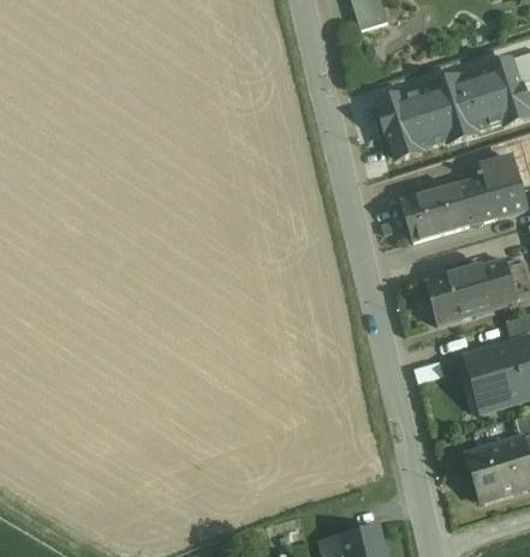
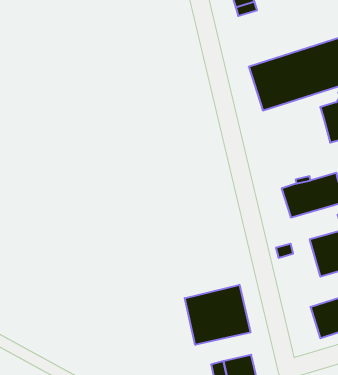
building: [400,172,496,240] -> none
building: none -> [185,285,250,345]

